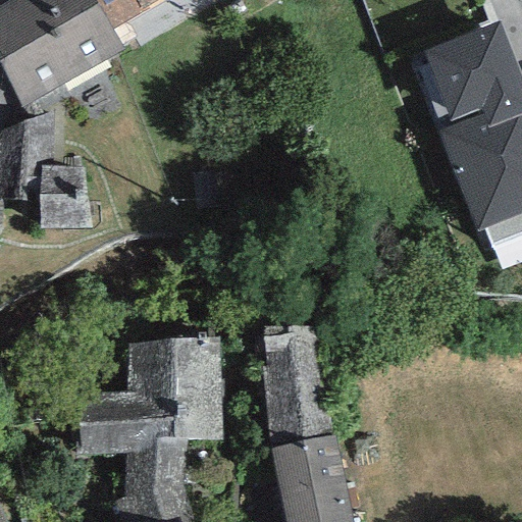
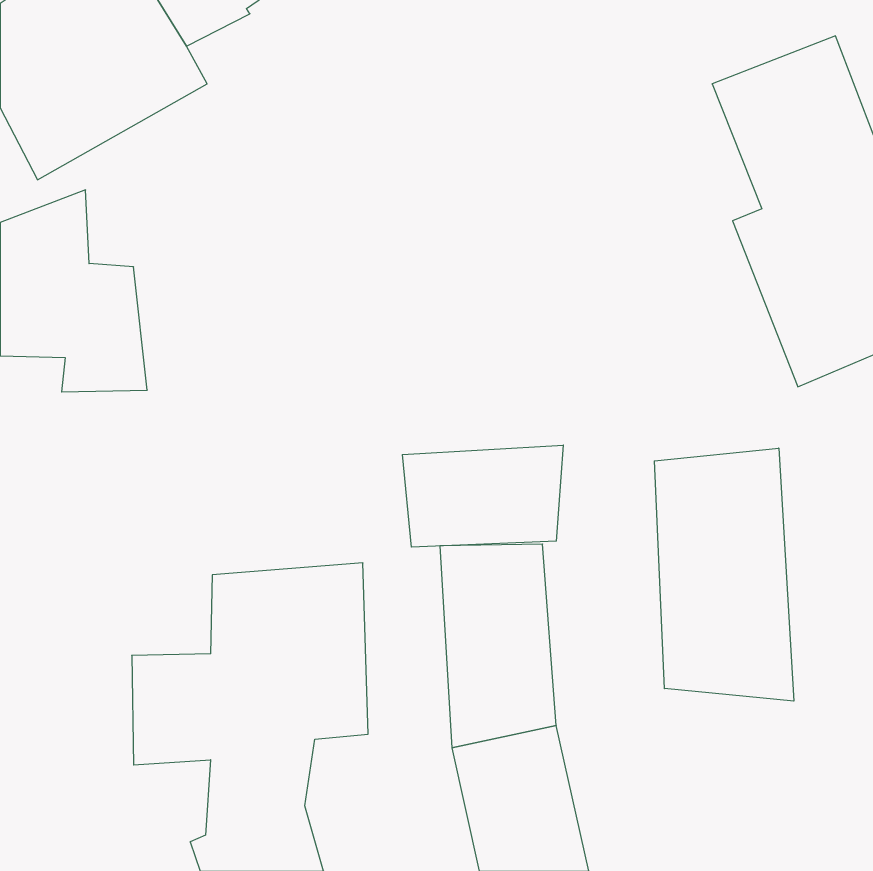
building: none -> [402,445,563,547]
building: none -> [654,448,794,701]

